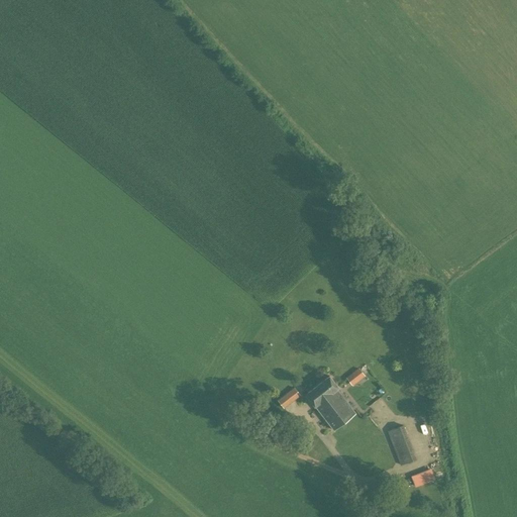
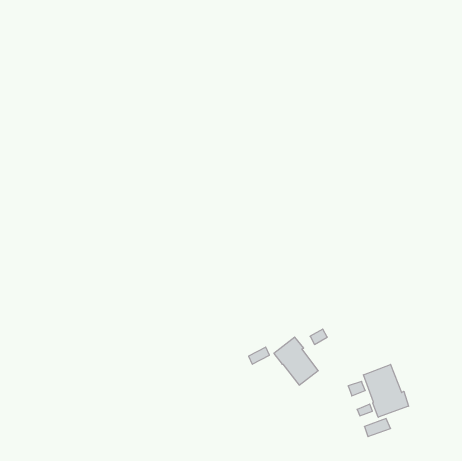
building: none -> [363,364,409,417]

